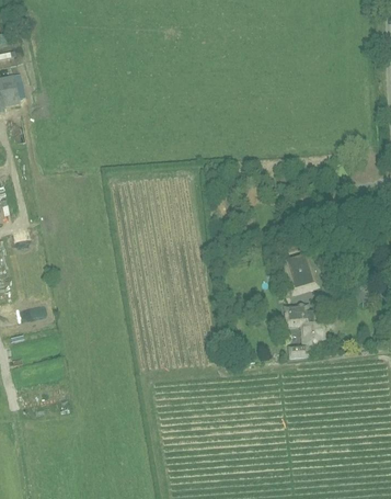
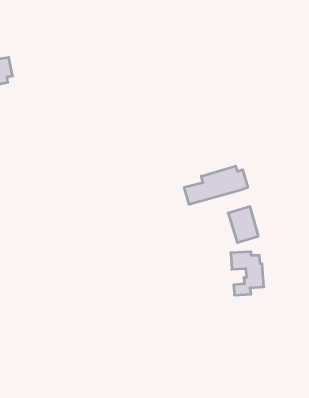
building: none -> [184,166,248,204]

